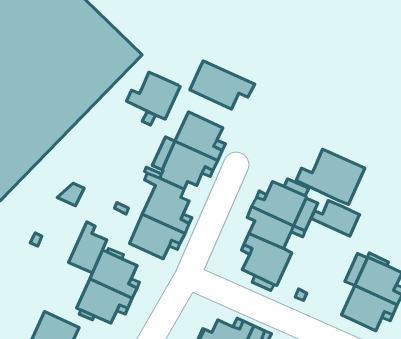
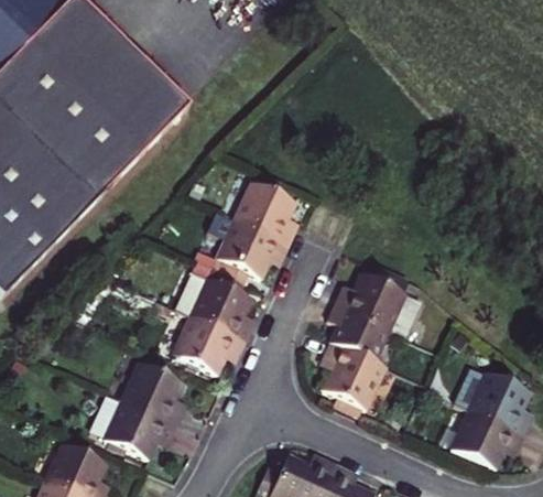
building: [190,61,255,109] -> none
building: [127,72,180,119] -> none
building: [296,149,365,205] -> none
building: [311,201,360,236] -> none
building: [69,222,107,273] -> none

